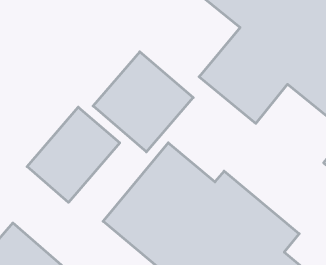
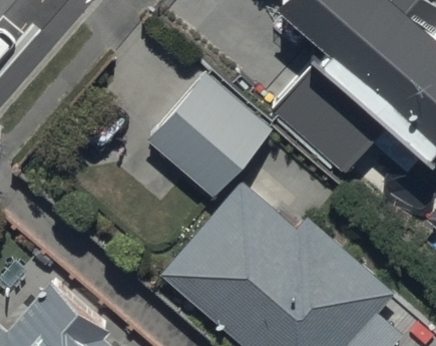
building: [27,107,120,202] -> none

